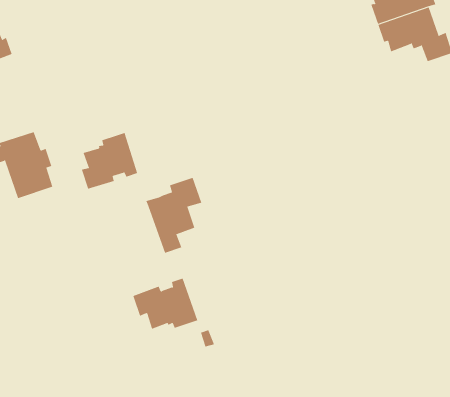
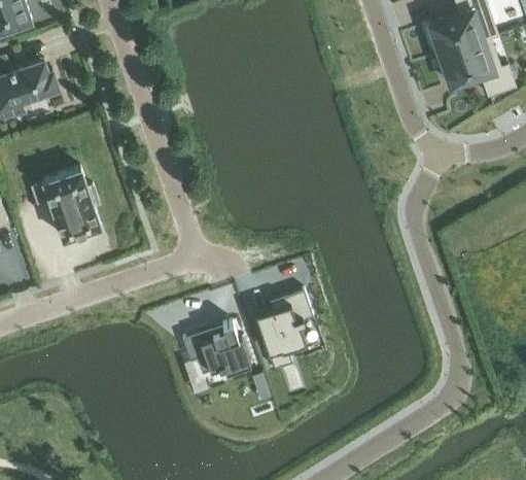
building: [81,132,138,189] -> none
building: [146,177,202,253] -> [253,289,312,369]

